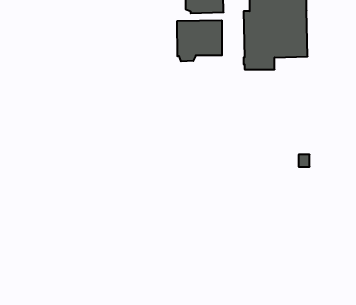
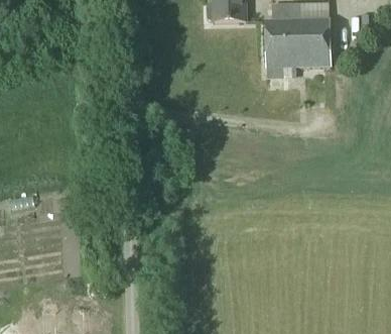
building: [177,20,222,61] -> none

